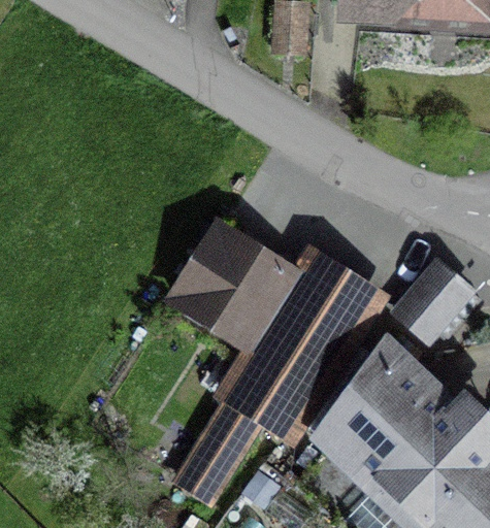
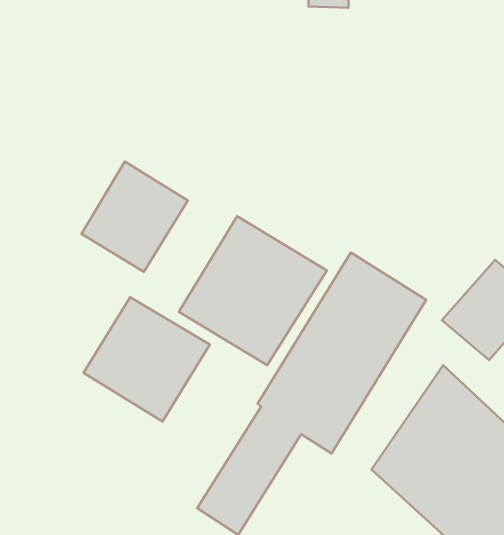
building: none -> [82,161,188,272]
building: none -> [83,297,210,422]

